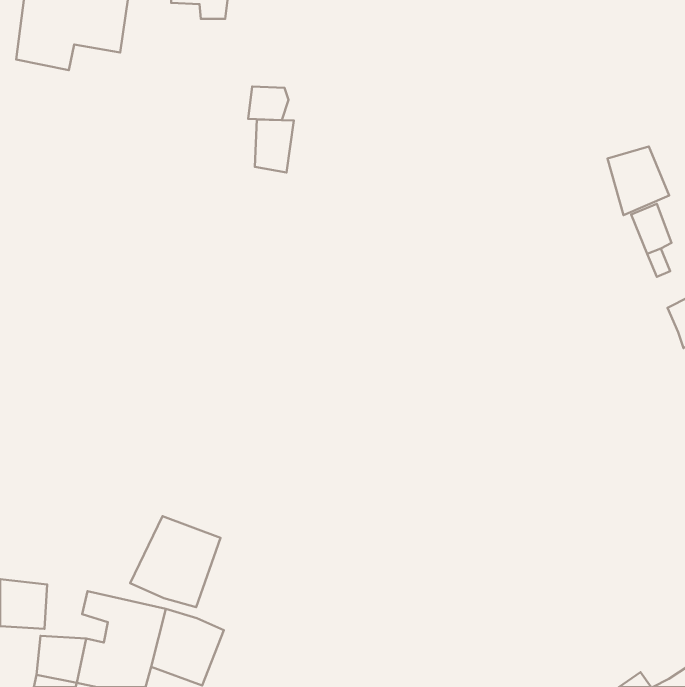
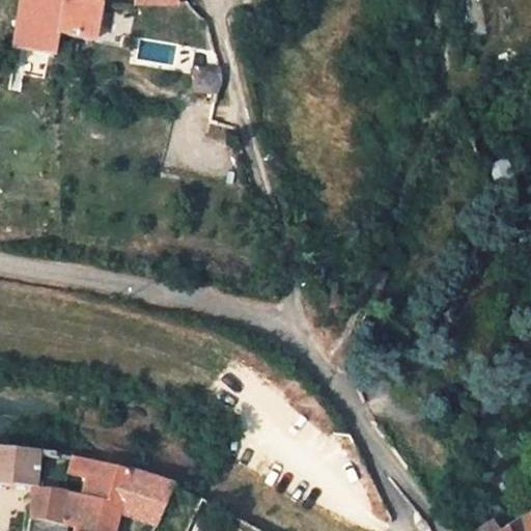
building: [255,119,294,172] -> none
building: [608,146,669,215] -> none
building: [130,516,221,607] -> none

